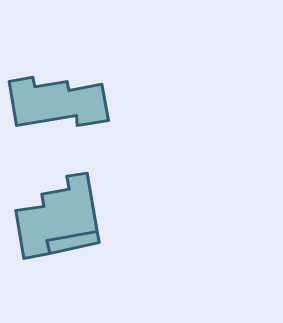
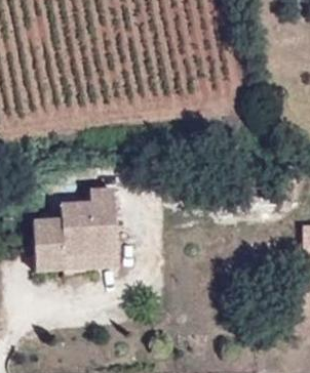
building: [9,77,108,125] -> none

